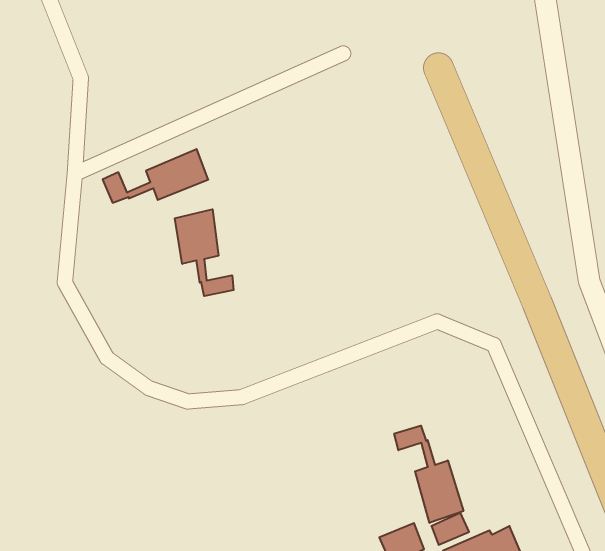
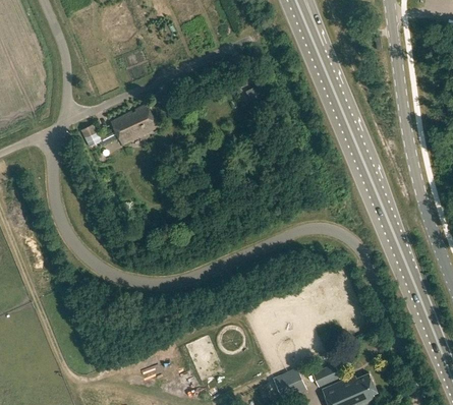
building: [175,209,234,296] -> none
building: [394,426,463,523] -> none

